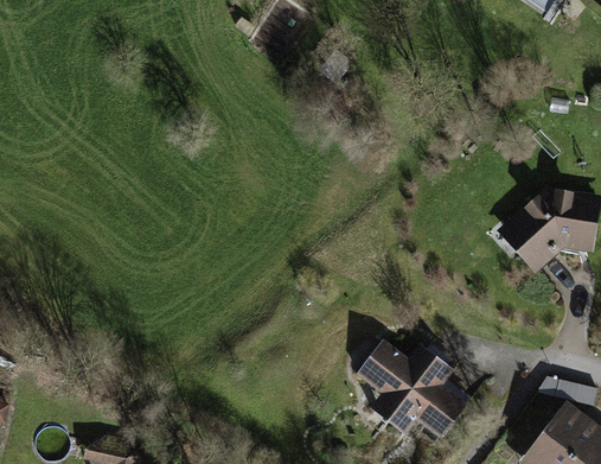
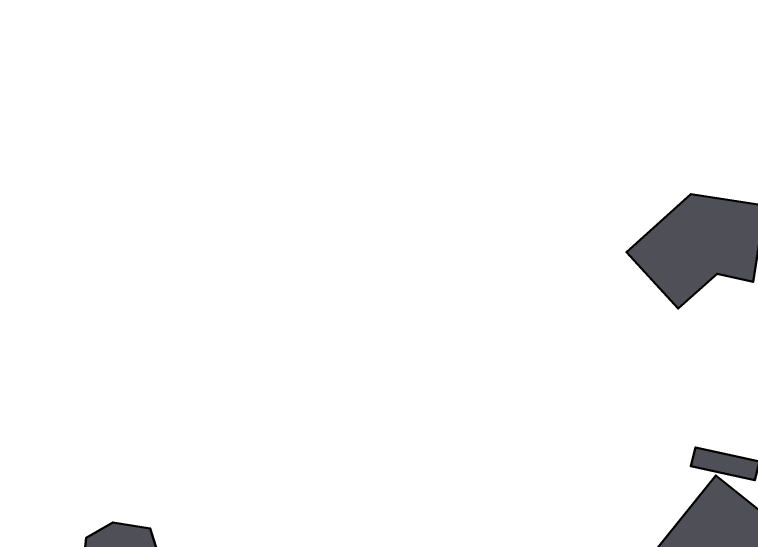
building: [359,339,471,437] -> none

